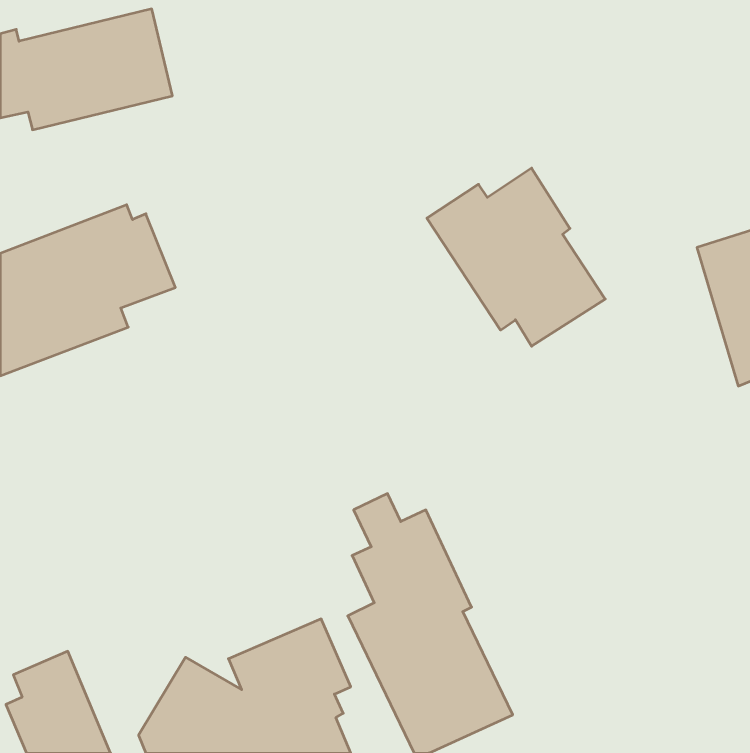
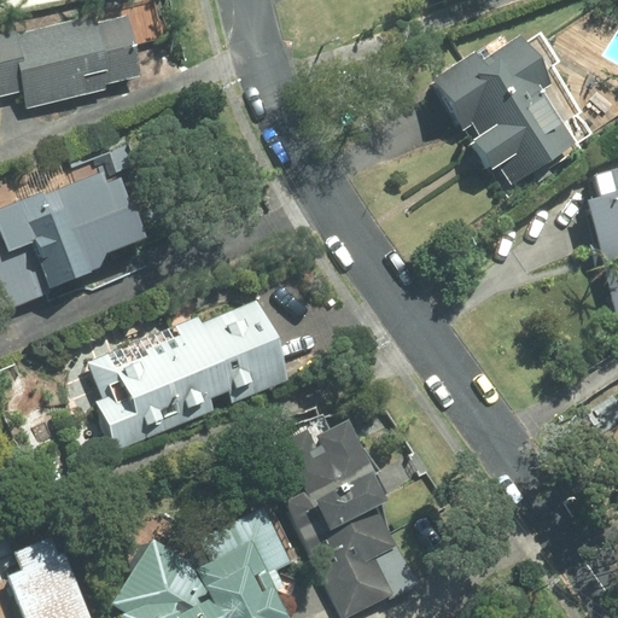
building: [427,168,605,346] -> [419,39,565,185]
building: none -> [88,299,291,451]

